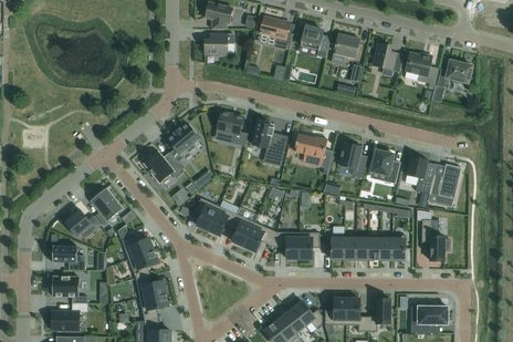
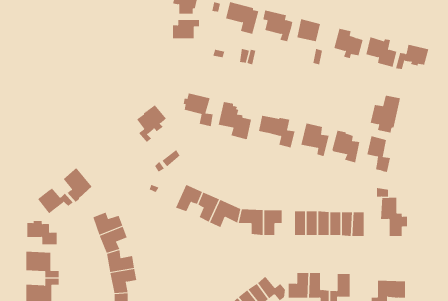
building: [144,151,185,183] -> none
building: [429,164,461,204] -> [370,95,401,133]
building: [195,197,219,230] -> none

